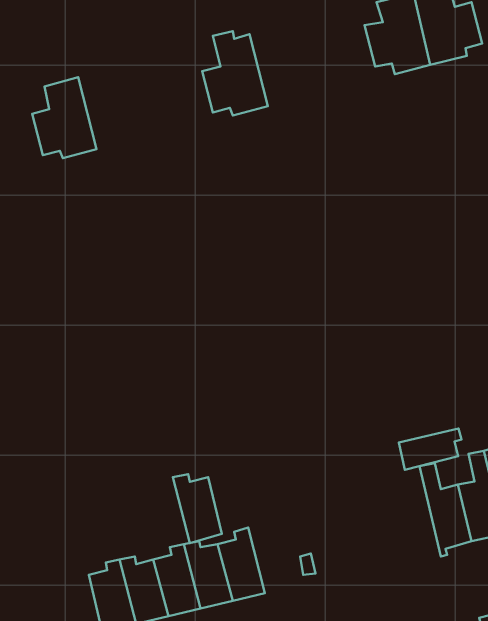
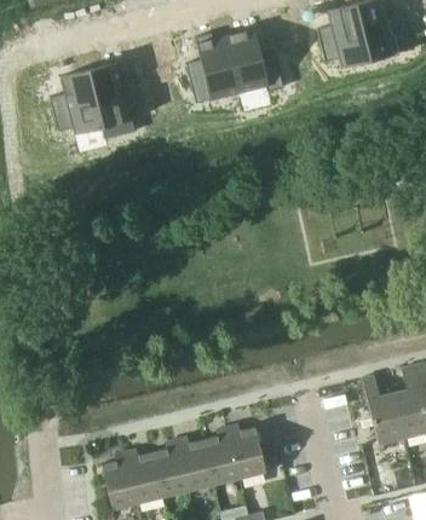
building: none -> [228,30,284,94]
building: none -> [92,64,148,128]
building: [399,428,461,470] -> none
building: [173,474,222,543] -> [226,424,265,479]

